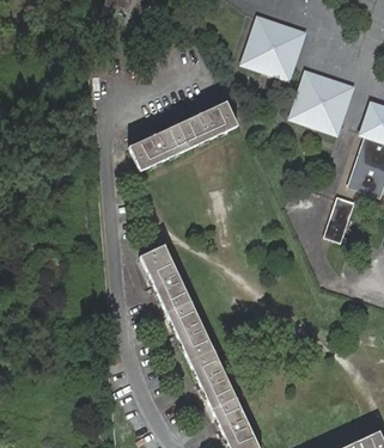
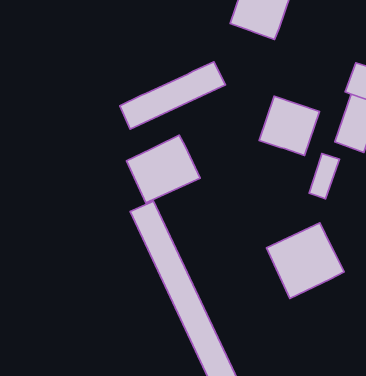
building: [291,72,353,133] -> [259,96,320,156]
building: none -> [126,135,200,203]
building: none -> [267,223,344,298]

